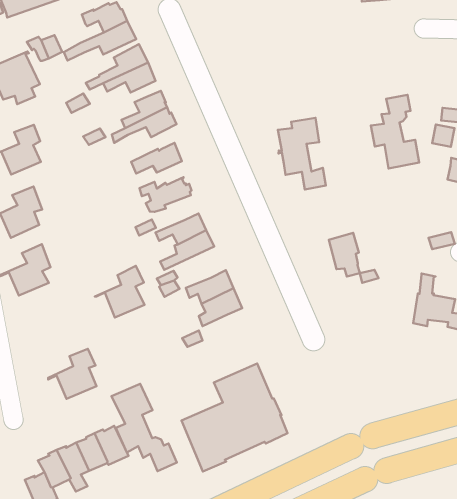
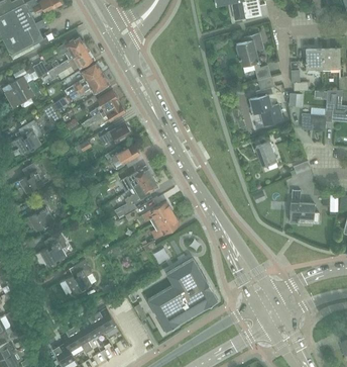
building: [278,118,326,190] -> [236,34,270,81]
building: [329,233,360,277] -> [255,142,277,170]
building: [95,266,145,317] -> [34,233,67,267]
building: [112,384,177,471] -> none

